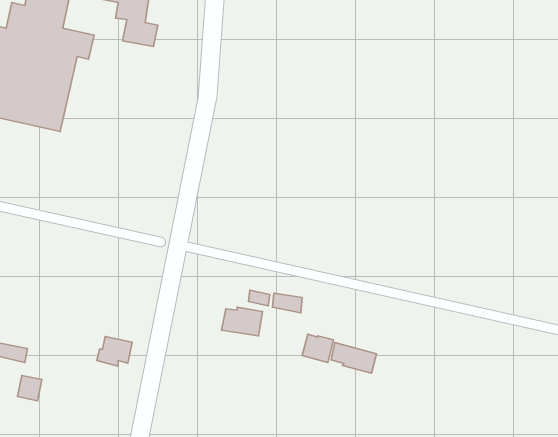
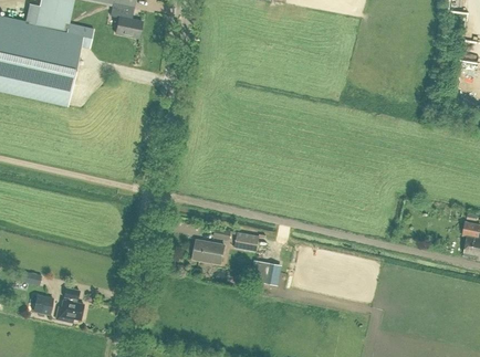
building: [97,336,132,366] -> [56,300,84,323]
building: [331,342,376,373] -> none

